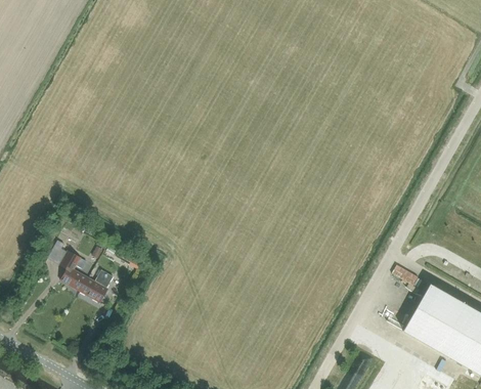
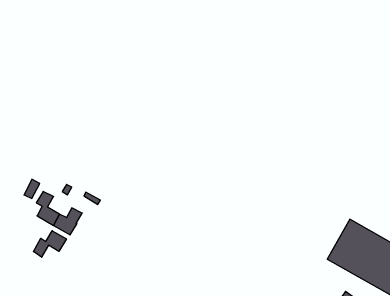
building: none -> [33,231,66,257]

